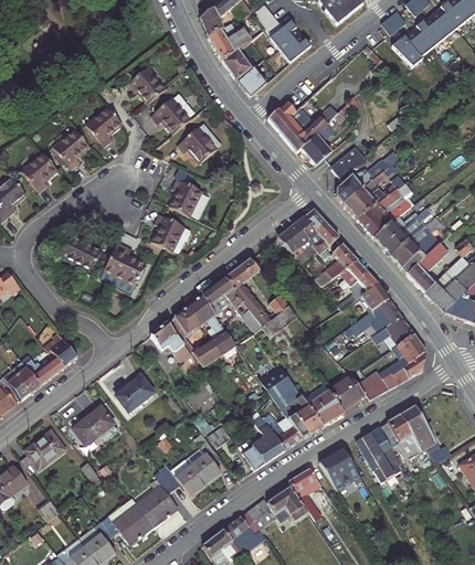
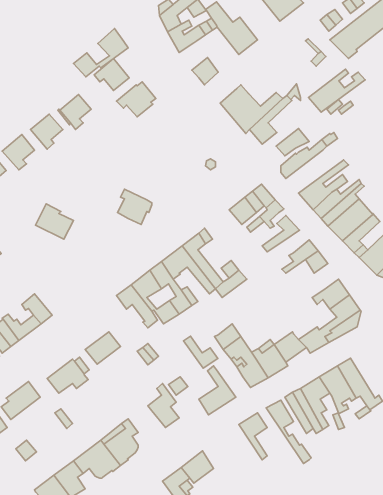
building: none -> [74,29,128,77]
building: [221,46,256,79] -> none
building: [177,122,221,162] -> none
building: [341,170,405,218] -> [308,69,365,112]
building: [169,179,202,216] -> none
building: [101,242,146,292] -> none
building: [331,260,368,295] -> none
building: [348,298,401,333] -> none
building: [263,413,302,449] -> [184,336,218,368]
building: [159,463,205,495] -> none
building: [247,487,308,530] -> none

